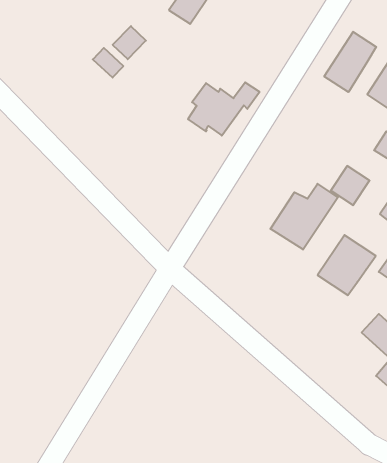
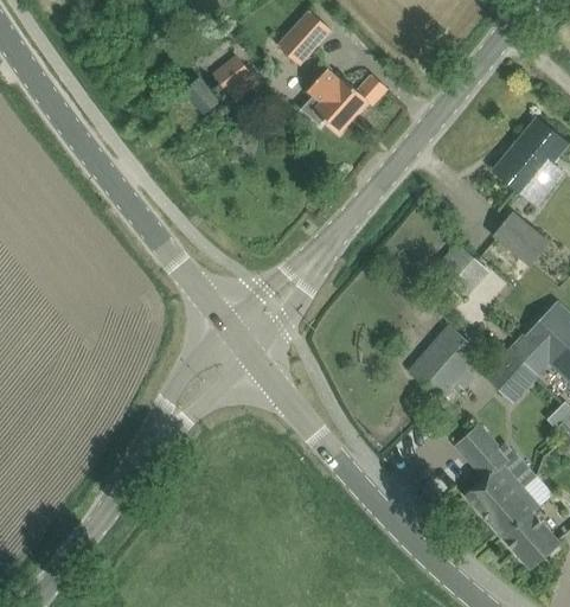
building: [324,32,376,92] -> none
building: [188,82,260,136] -> [301,70,388,133]
building: [270,184,338,250] -> none

